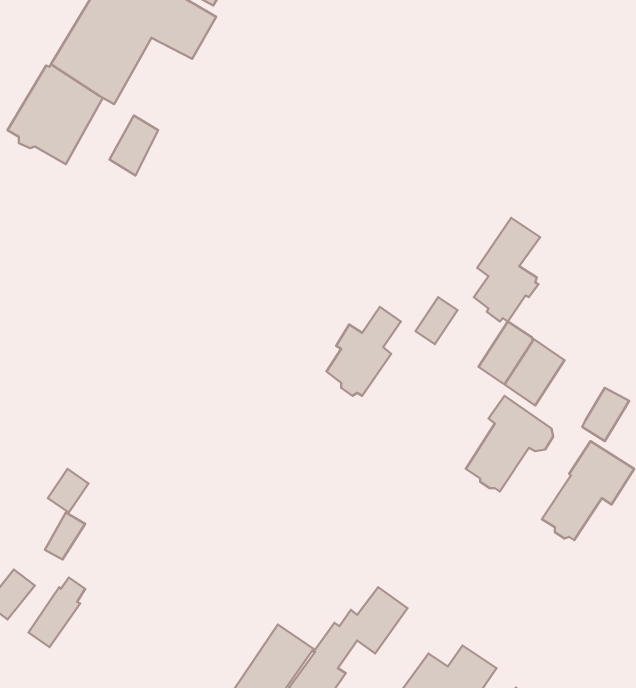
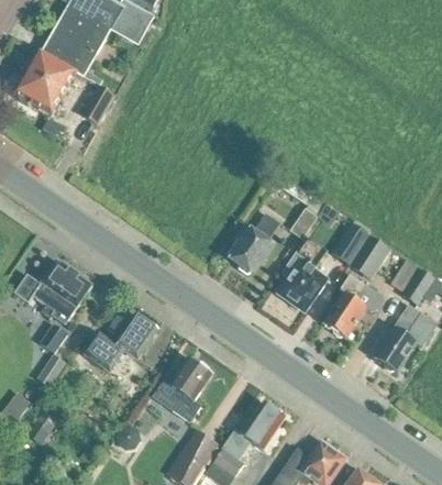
building: [474,218,540,321] -> [280,239,325,309]
building: none -> [14,261,92,320]
building: none -> [84,319,157,368]
building: none -> [152,357,212,425]

